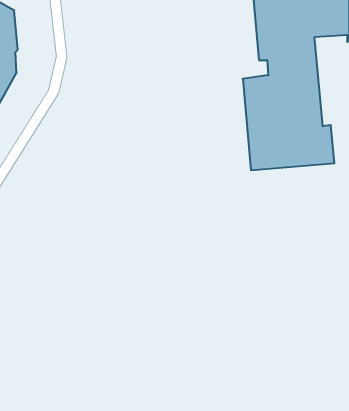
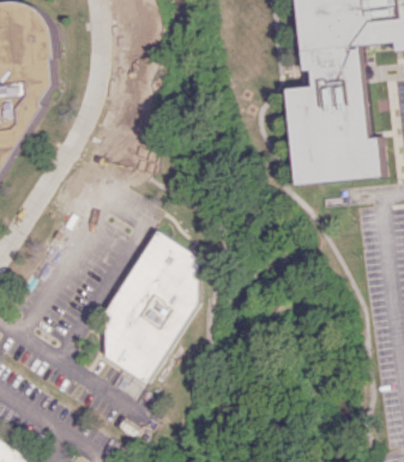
building: none -> [103,230,197,384]

